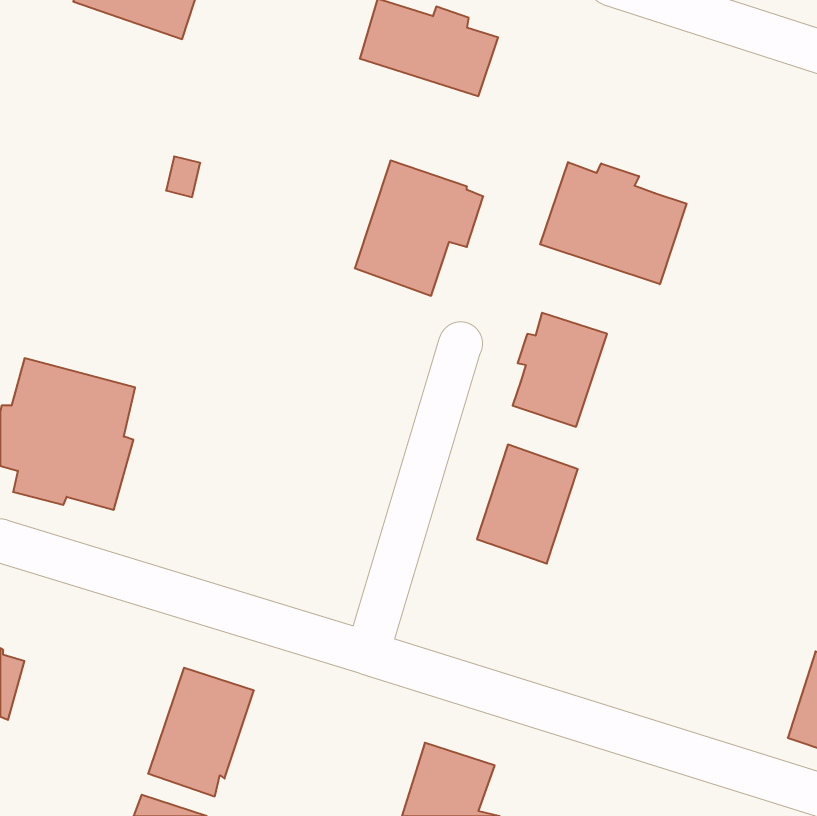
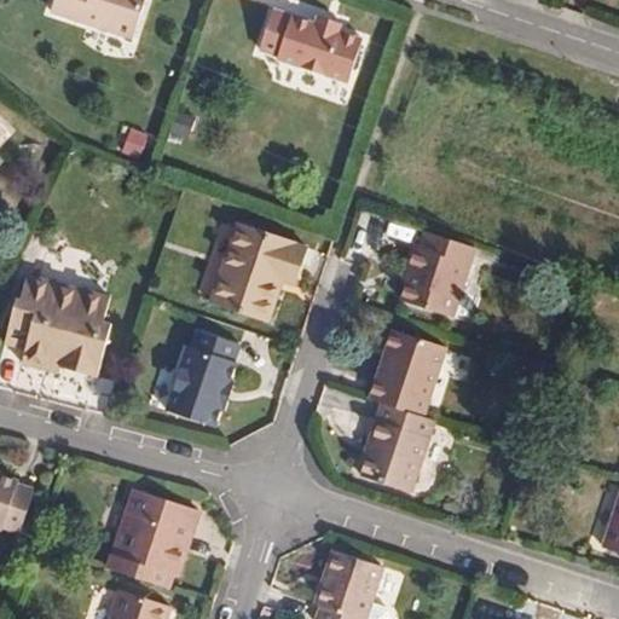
building: [355,161,483,296] -> [207,225,302,325]
building: [540,162,687,284] -> none
building: none -> [166,332,238,430]
building: none -> [355,404,429,493]

